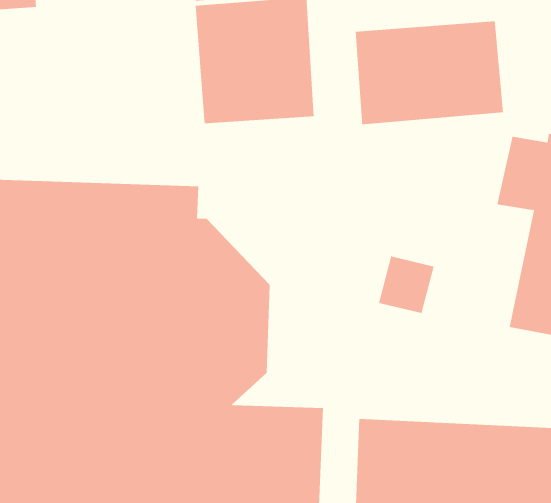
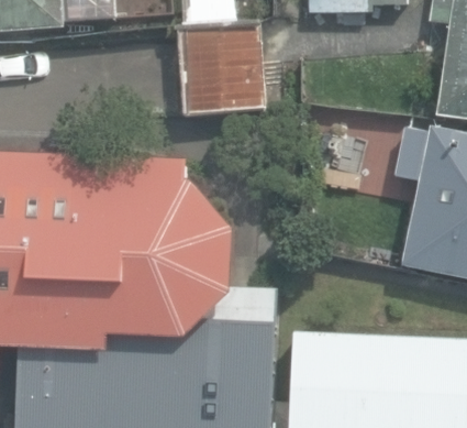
building: [355,20,503,125] -> none

